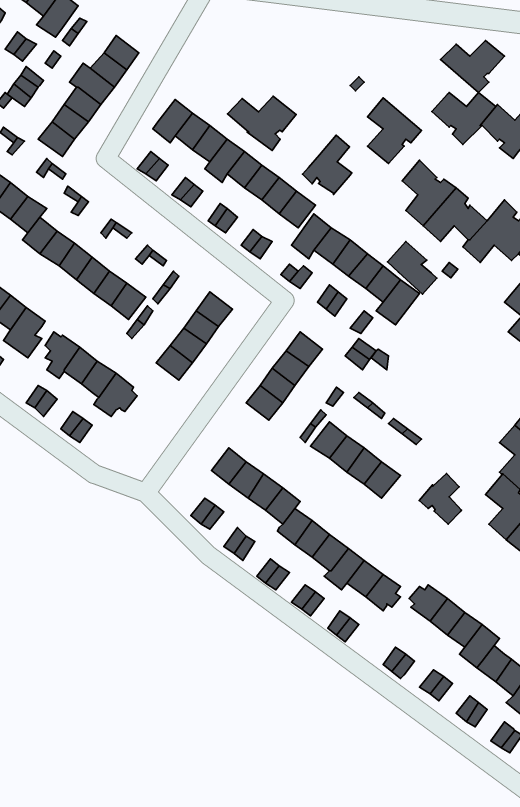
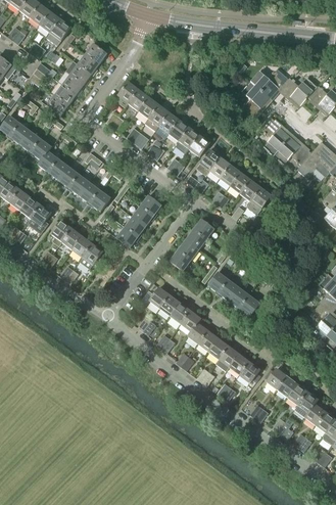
building: [440,41,505,93] -> [250,68,288,99]
building: [227,96,296,150] -> none
building: [302,135,352,195] -> none
building: [387,241,437,294] -> none
building: [419,473,462,524] -> none

